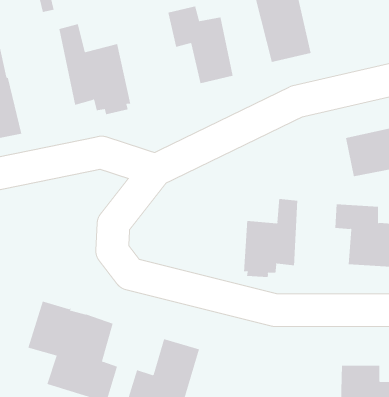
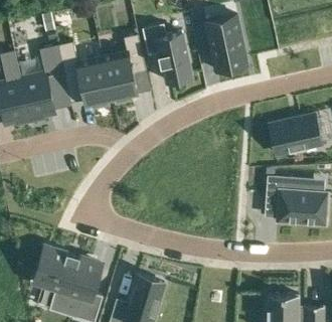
building: none -> [103,32,147,103]
building: none -> [21,46,71,122]
building: [243,198,298,278] -> none

